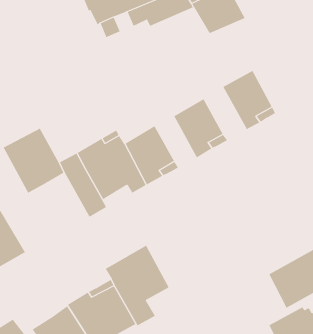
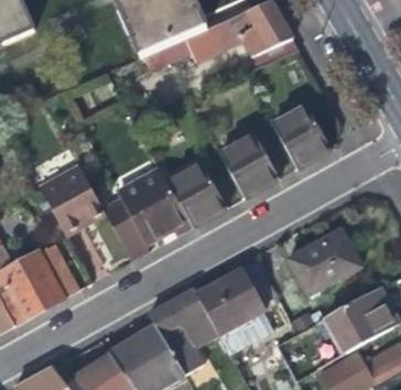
building: none -> [289,228,362,296]
building: none -> [195,259,277,335]

